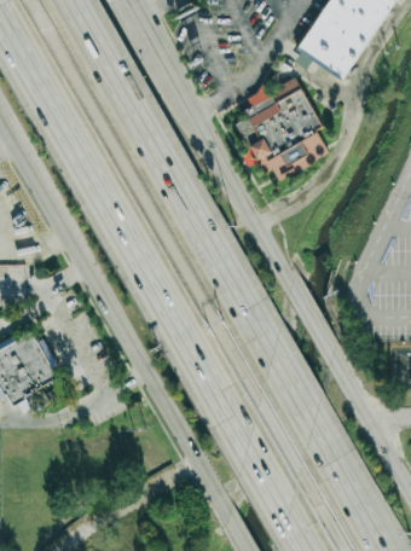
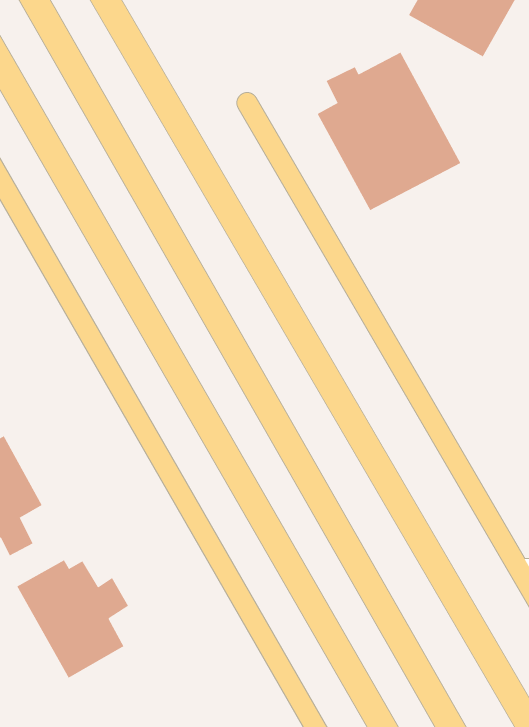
building: none -> [16,559,129,679]

